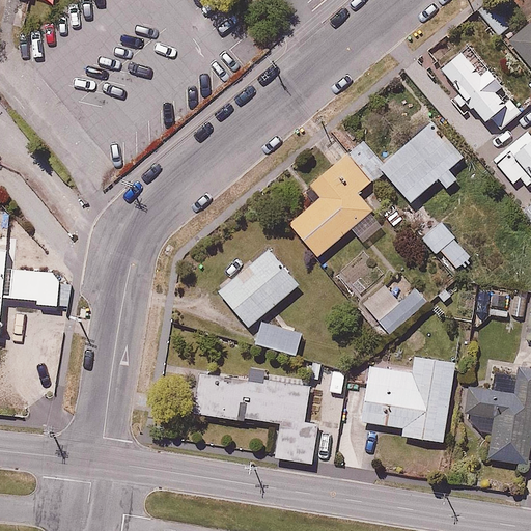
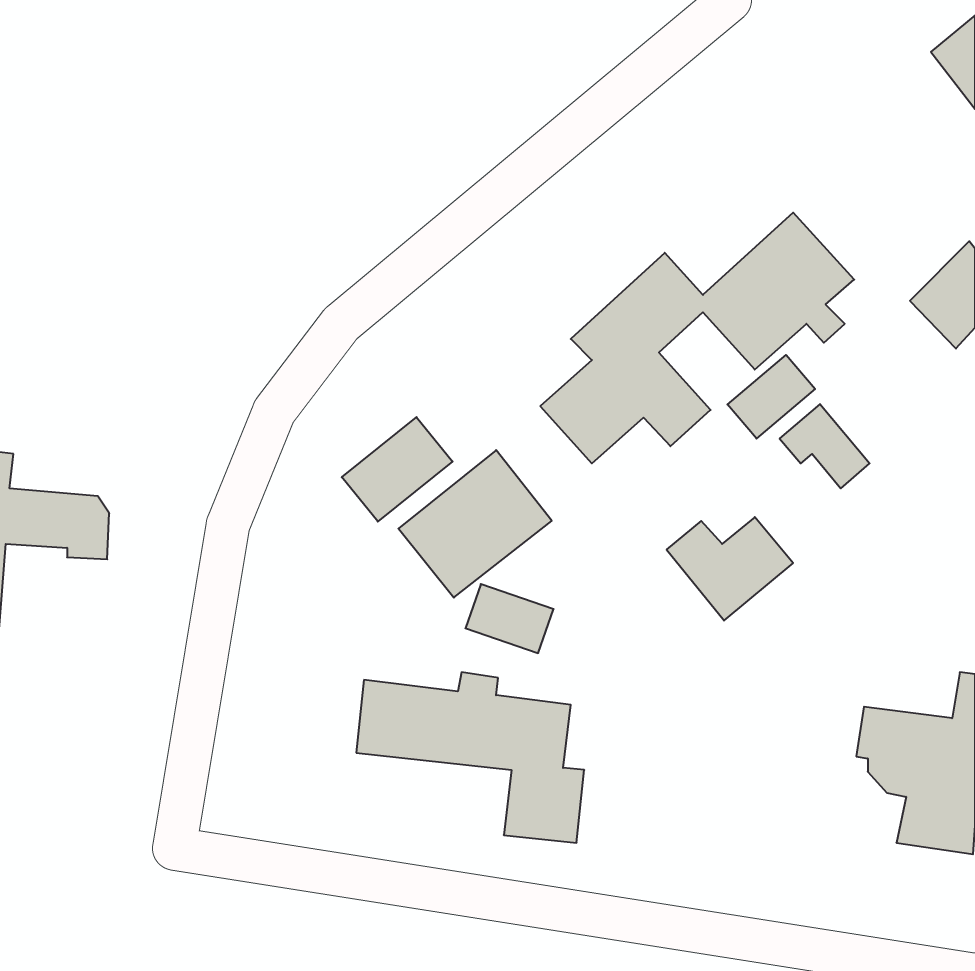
building: [437,40,522,136] -> none
building: none -> [727,355,815,439]
building: none -> [342,417,453,522]
building: [359,355,454,441] -> none

